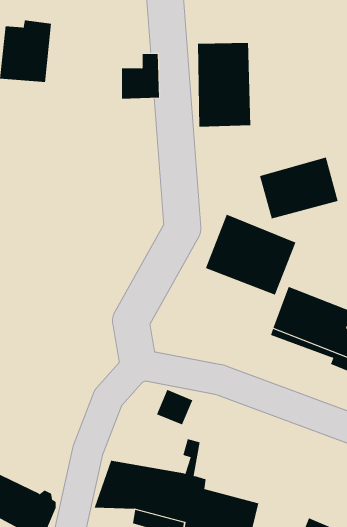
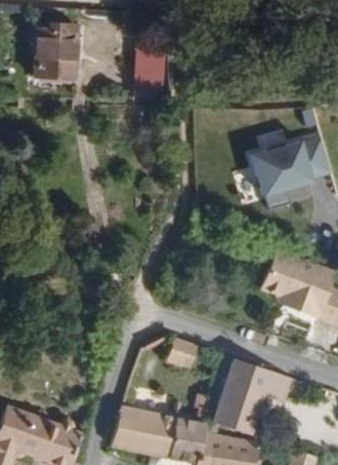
building: [198,42,251,127] -> none
building: [205,214,296,296] -> none
building: none -> [211,353,287,430]

